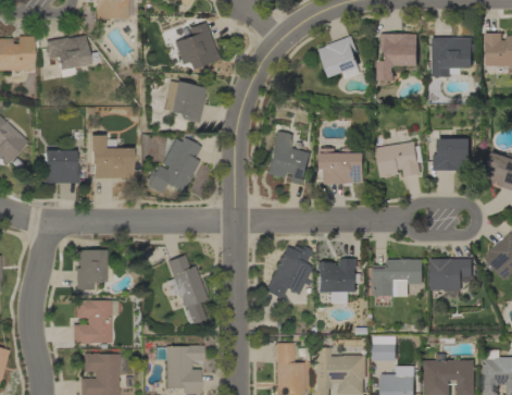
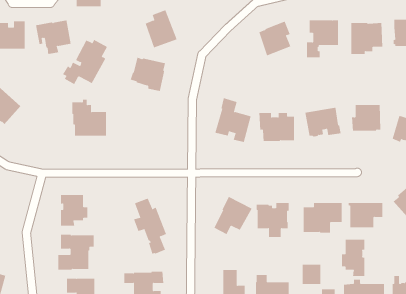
building: [145,136,201,193] -> [62,39,108,85]
building: [43,139,78,183] -> none
building: none -> [341,239,365,277]

